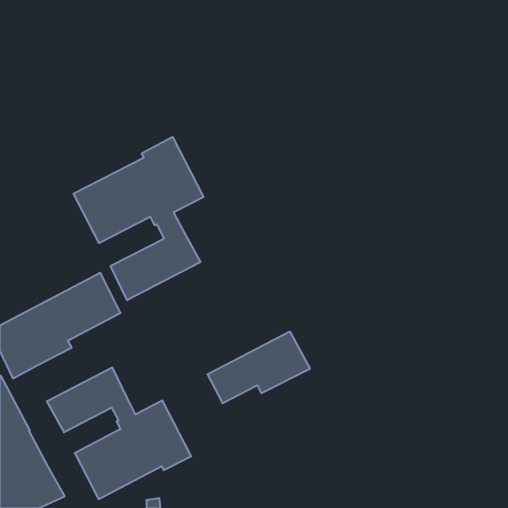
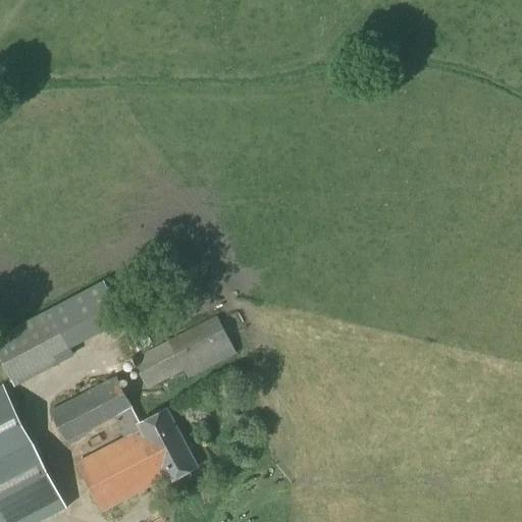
building: [73,137,204,300] -> none
building: [207,332,310,403] -> [130,316,236,389]

